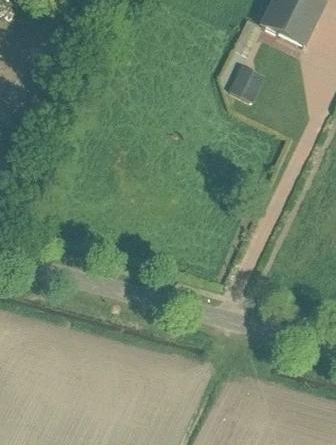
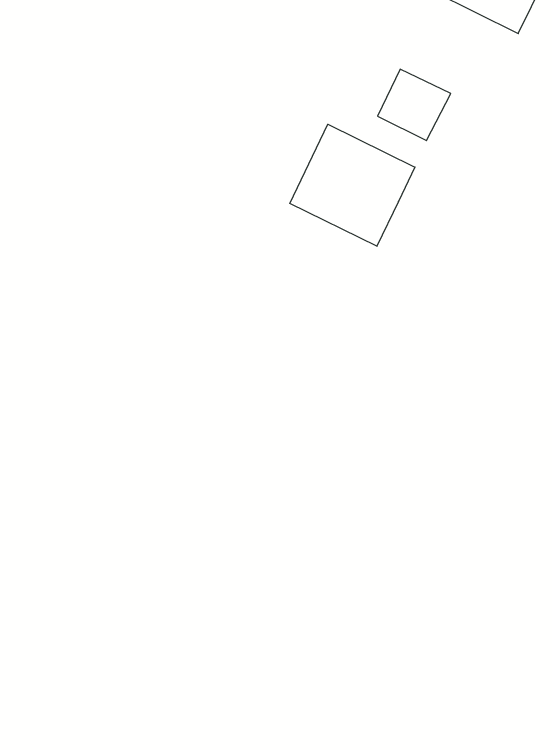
building: none -> [290,124,415,246]

